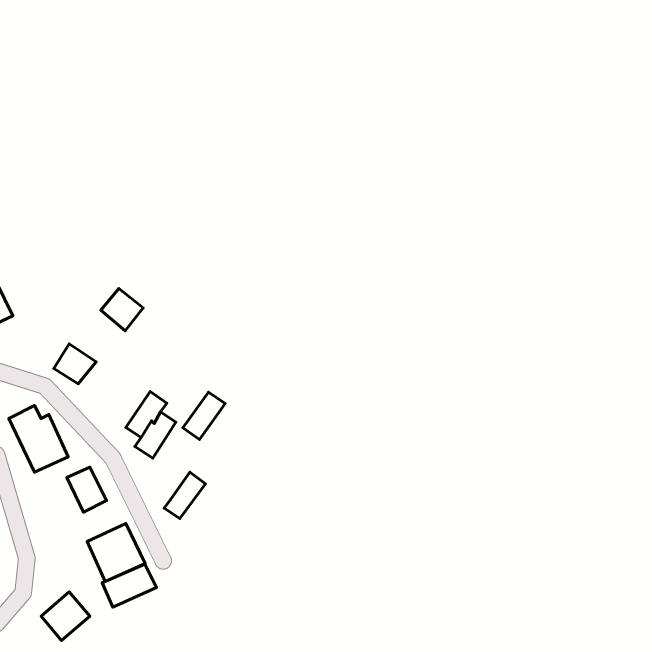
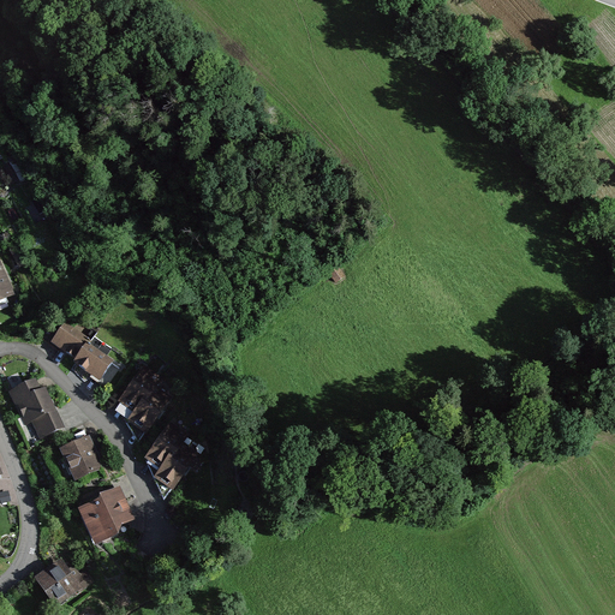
building: [101,288,143,331] -> [73,339,113,378]
building: [183,392,225,440] -> [144,423,184,467]
building: [102,564,157,607] -> none

